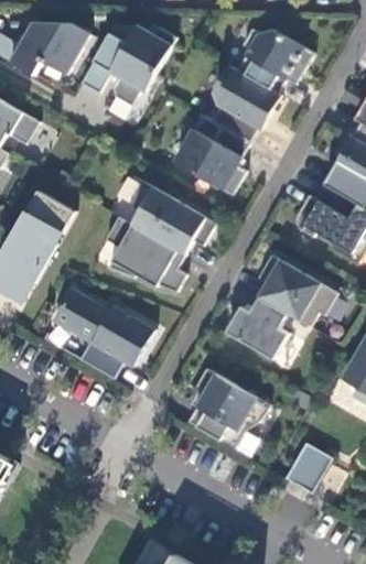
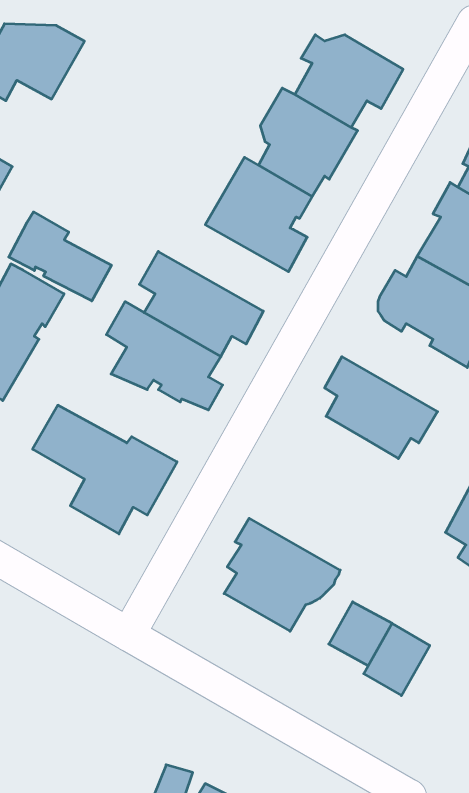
building: [79,24,175,105] -> none
building: none -> [9,212,111,301]
building: [225,296,288,358] -> none
building: none -> [329,602,392,666]

